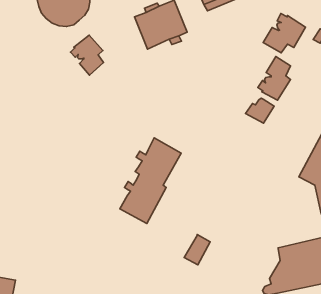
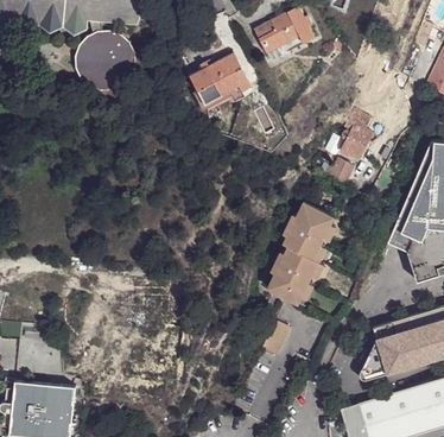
building: [263,14,305,53] -> none
building: [70,35,104,75] -> none
building: [120,138,181,223] -> [269,202,335,300]

